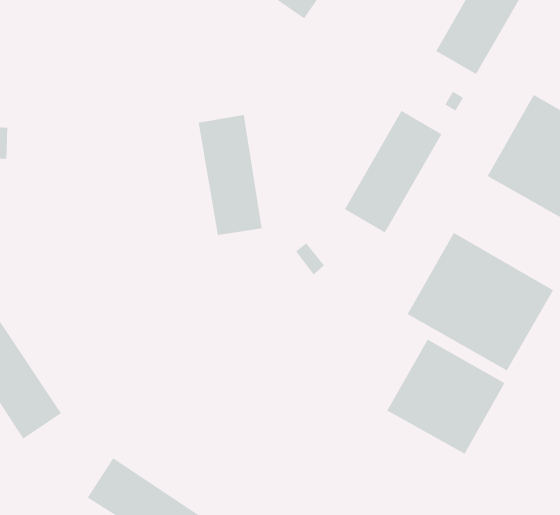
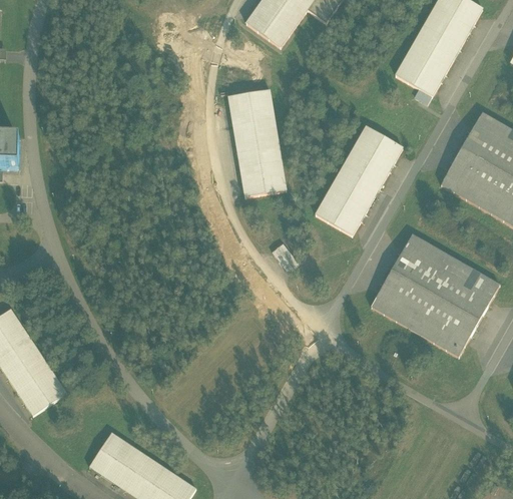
building: [198,115,263,235] -> [228,89,286,195]
building: [387,339,505,455] -> none

